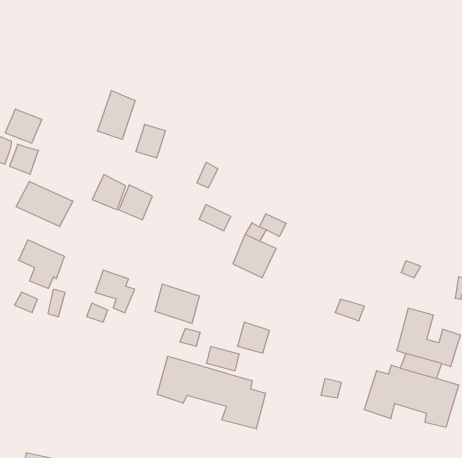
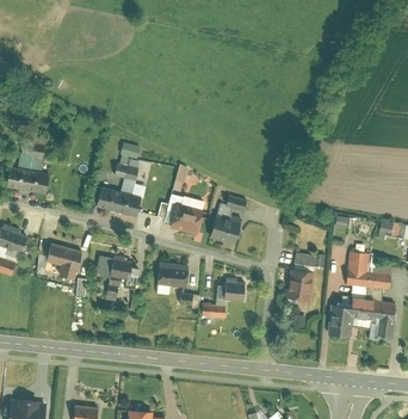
building: [98,91,135,139] -> none
building: [16,181,73,227] -> none
building: none -> [167,207,199,234]
building: none -> [285,269,313,301]
building: [157,356,265,429] -> none

